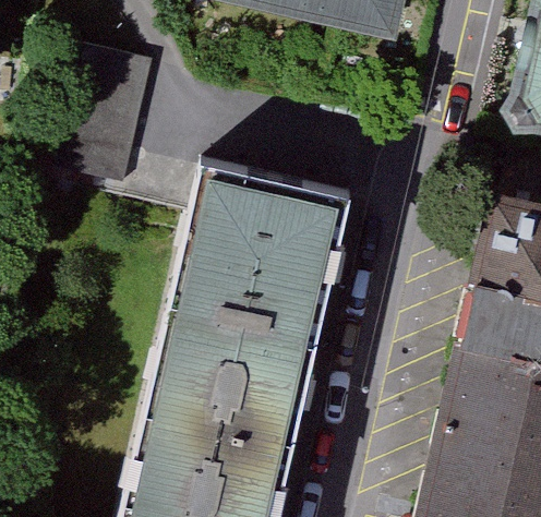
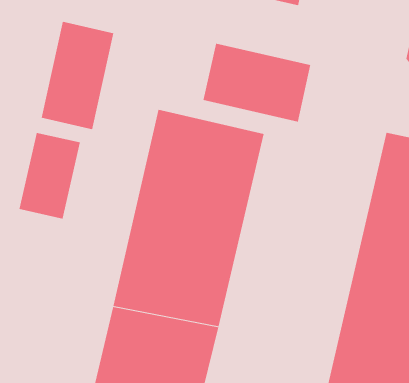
building: none -> [203,43,311,122]
building: none -> [19,132,81,219]

